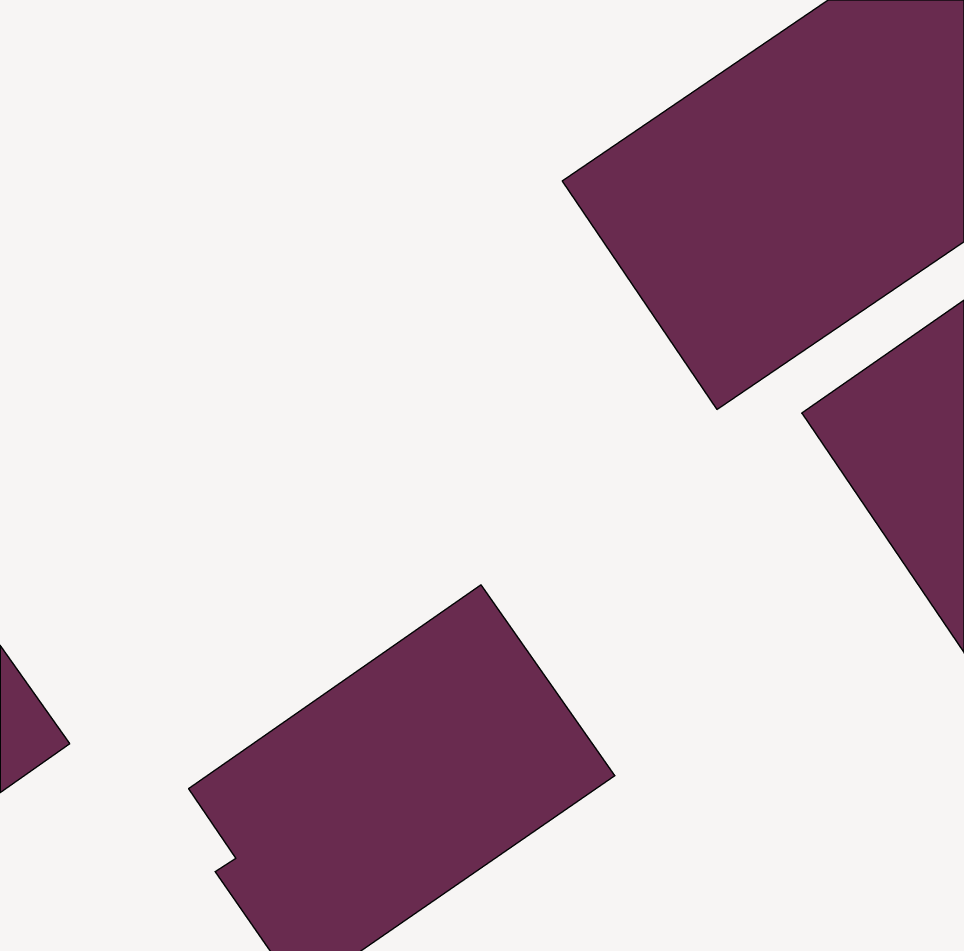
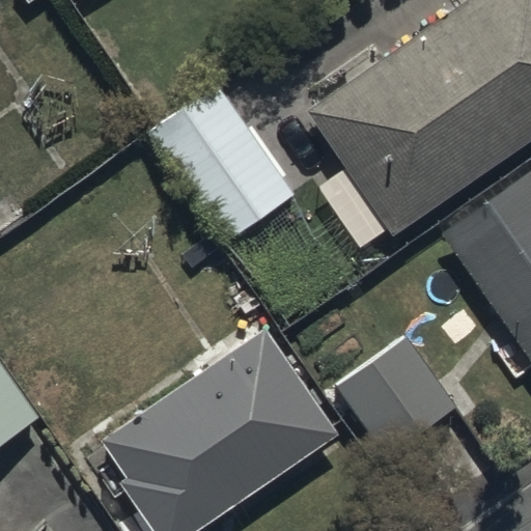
building: none -> [153,92,298,248]
building: none -> [334,338,455,457]

